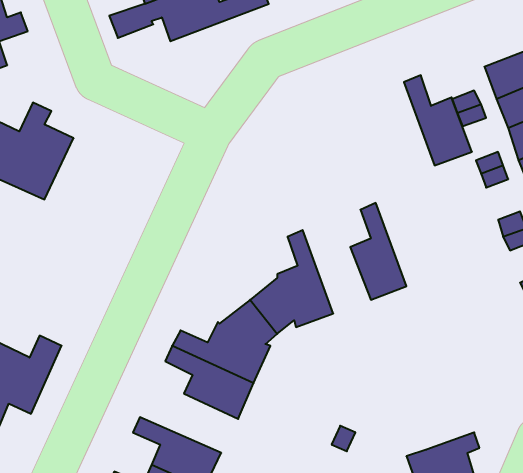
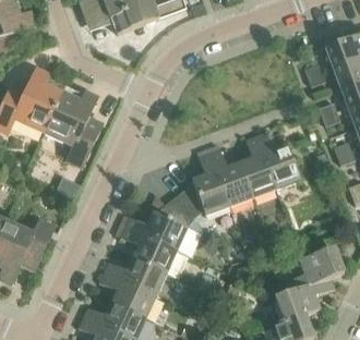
building: [404,75,472,165] -> [255,130,299,187]
building: none -> [43,93,101,167]
building: none -> [208,147,252,205]
building: none -> [284,247,343,292]
building: none -> [104,256,167,294]

